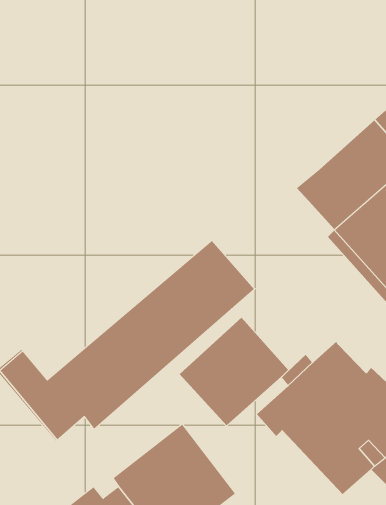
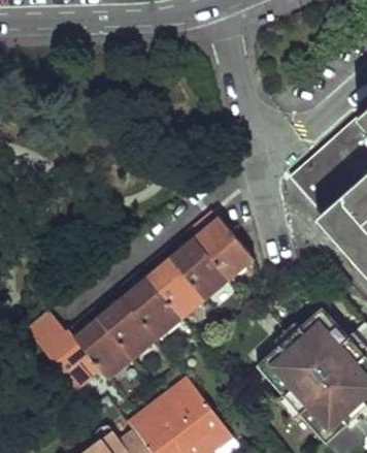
building: [179,317,289,426] -> none

